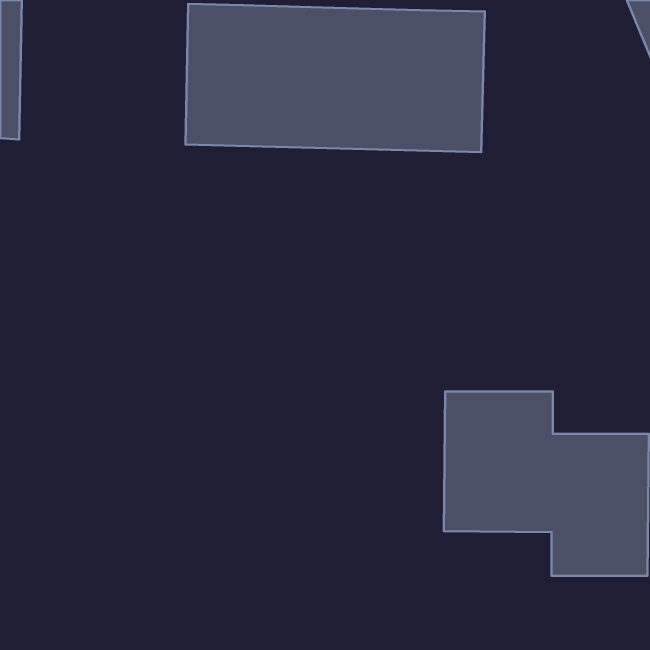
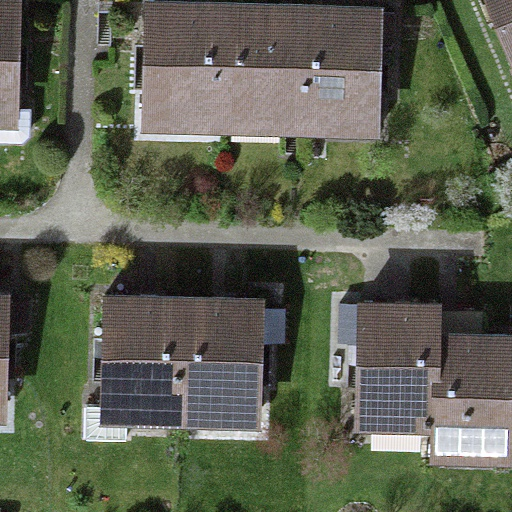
building: none -> [86,301,259,441]

